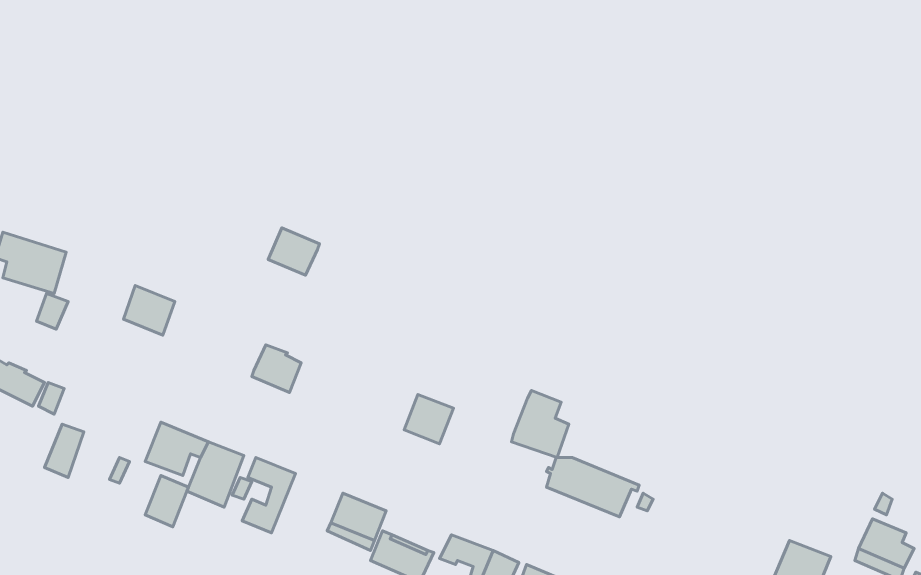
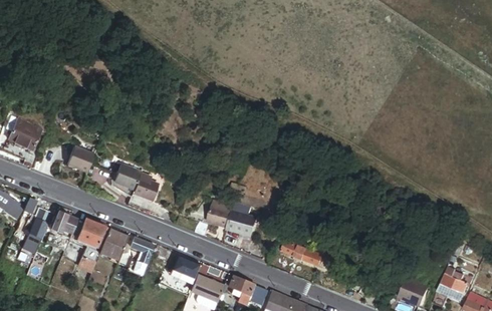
building: [268,228,319,275] -> [113,168,140,192]
building: [512,390,569,458] -> [226,207,255,241]
building: none -> [50,210,77,235]

